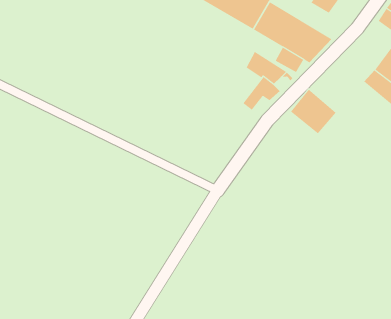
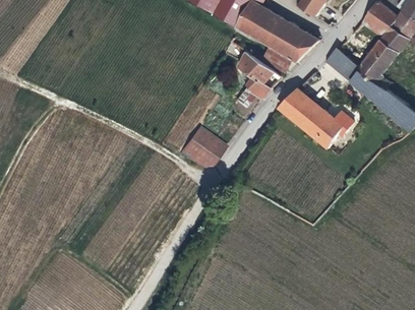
building: none -> [324,49,357,79]
building: none -> [304,109,352,146]
building: none -> [177,127,223,172]

